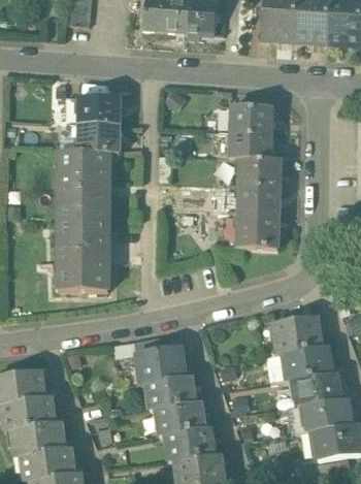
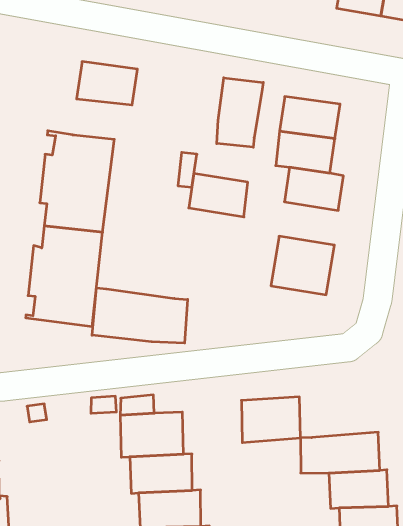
building: none -> [217,78,263,147]
building: [78,124,120,152] -> none
building: [238,183,280,211] -> [189,173,248,217]
building: none -> [92,288,188,343]
building: [274,316,321,354] -> [241,397,300,443]

